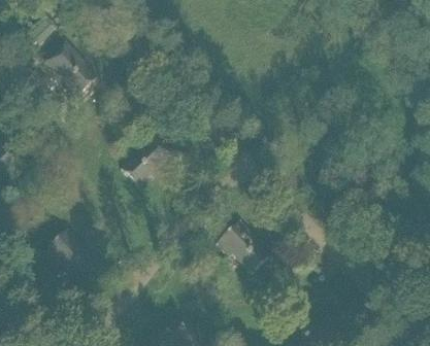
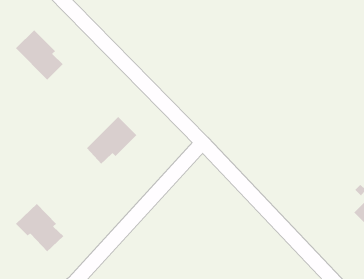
building: [217,219,270,274] -> none

